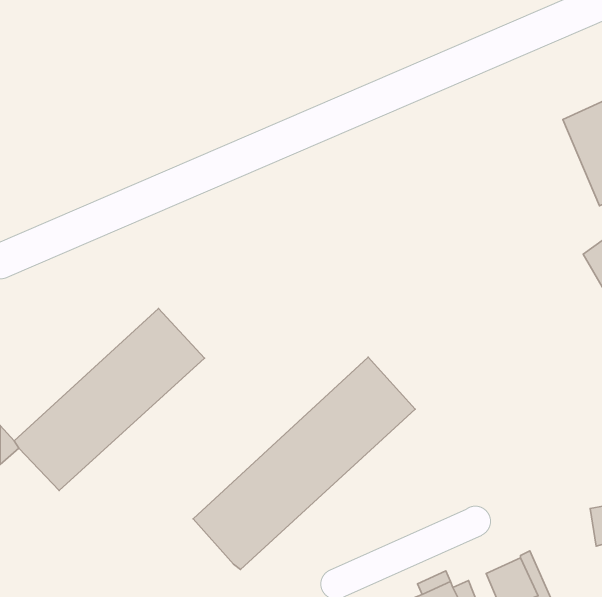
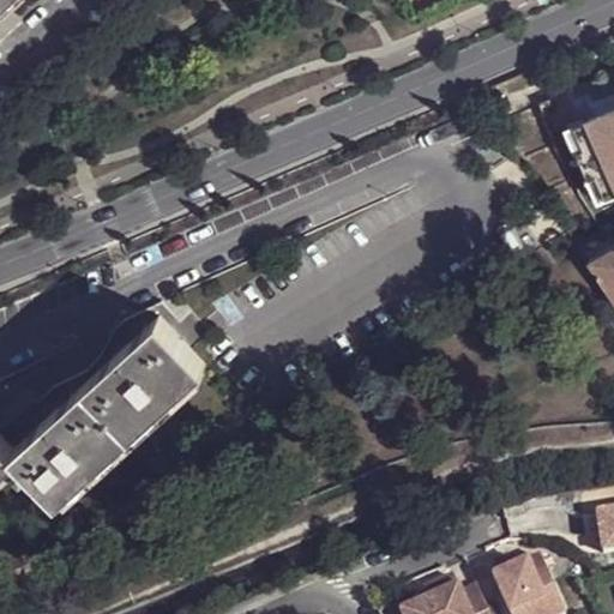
building: [193,357,415,570] -> none

